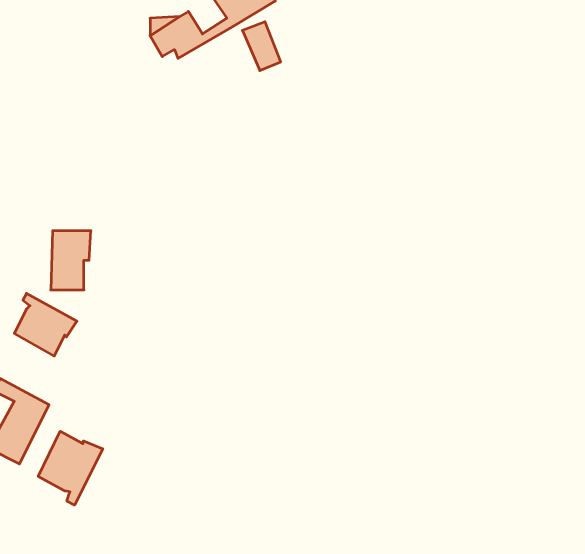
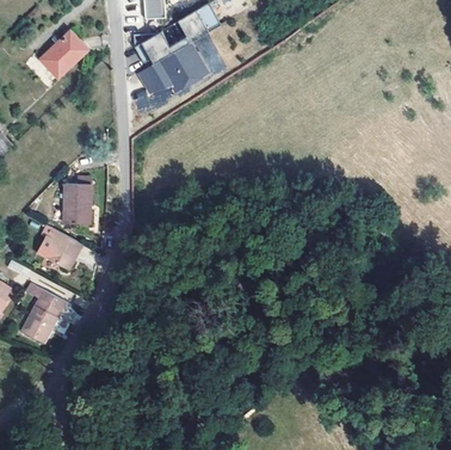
building: none -> [39,30,86,78]
building: none -> [137,43,202,94]
building: [38,431,103,505] -> none

